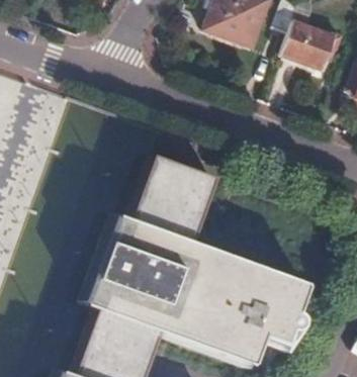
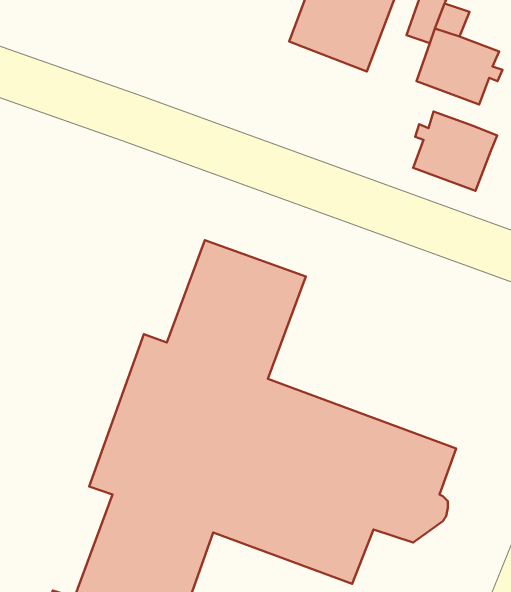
building: none -> [413,112,497,191]

